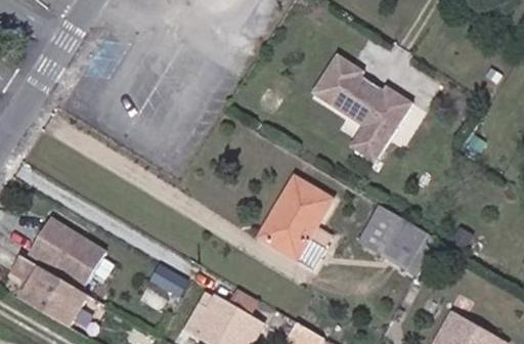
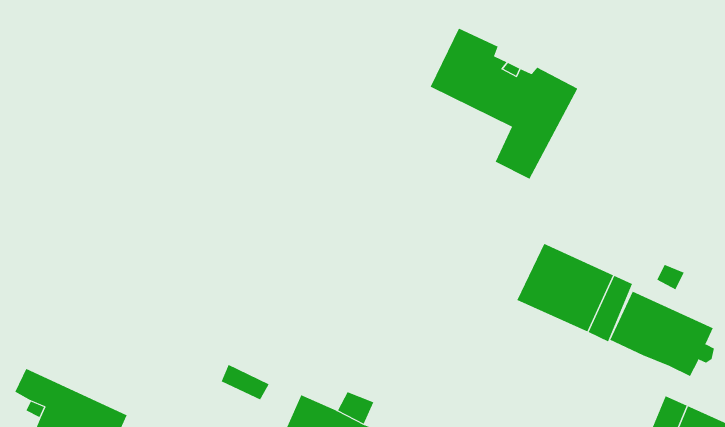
building: [259,177,332,269] -> none
building: [28,217,104,286] -> none
building: none -> [609,291,714,377]

